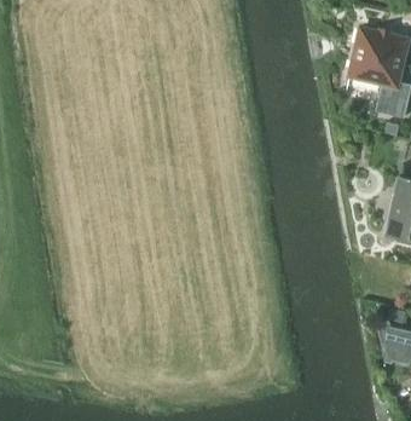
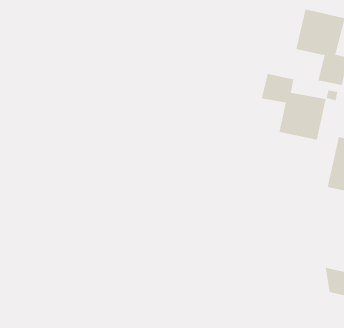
building: none -> [261,73,326,141]

